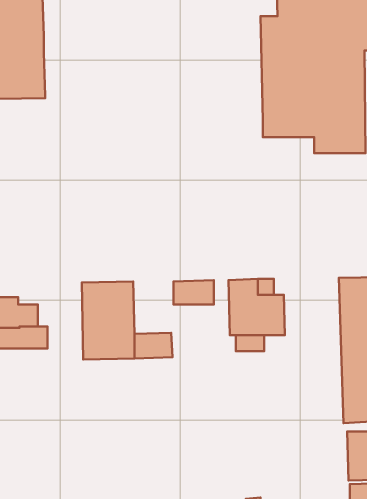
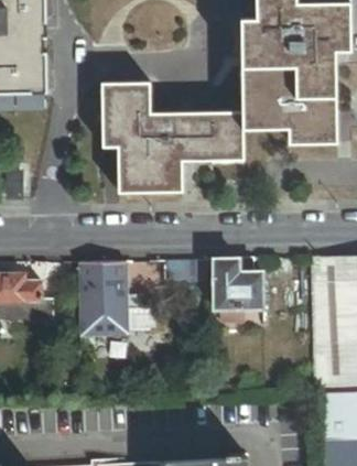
building: none -> [102,83,244,192]

